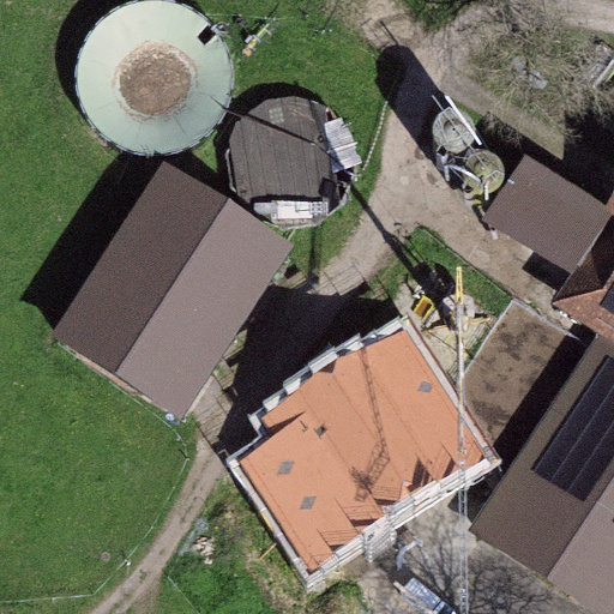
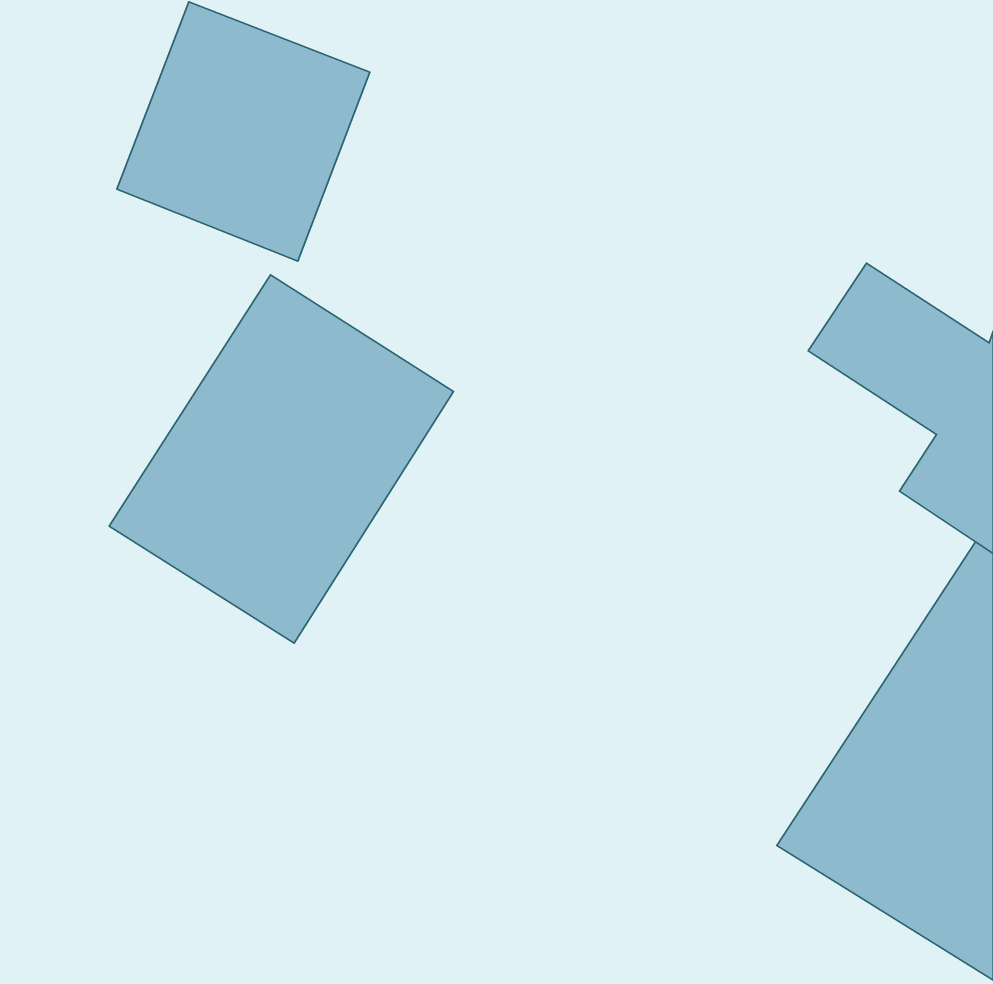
building: [247,109,321,199] -> none
building: [247,336,470,554] -> none

